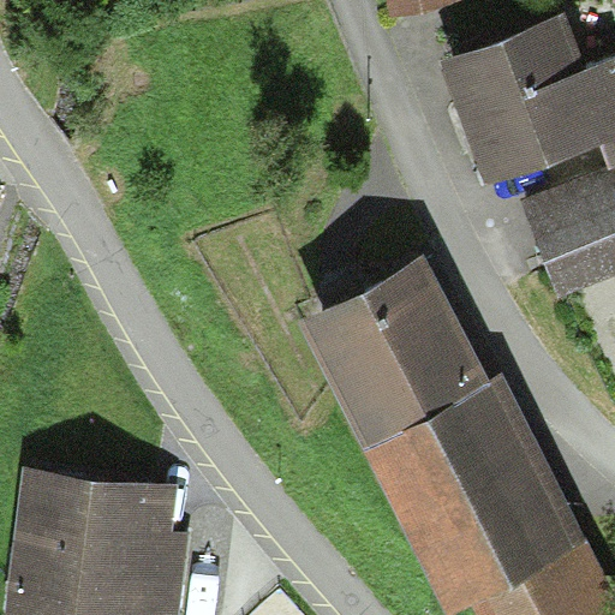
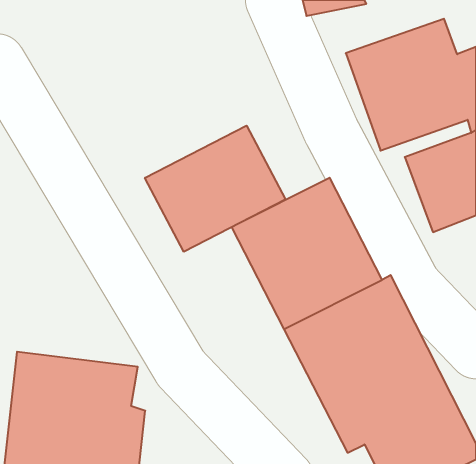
building: none -> [145,126,285,252]

